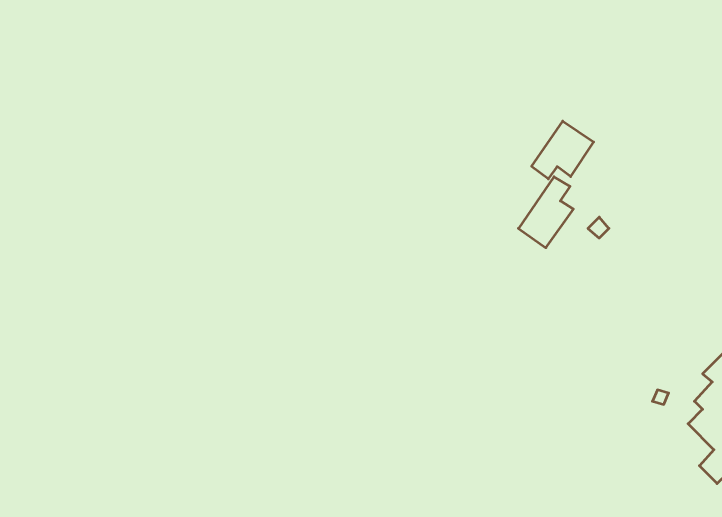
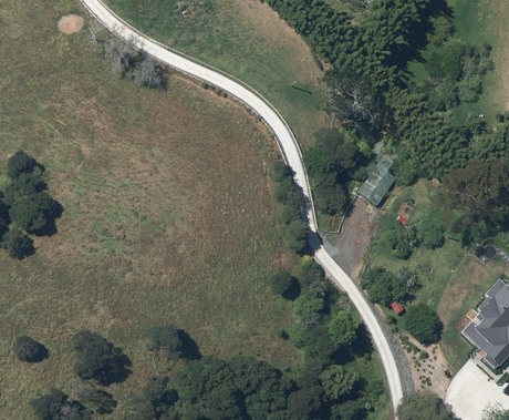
building: [532,121,594,179] -> none

